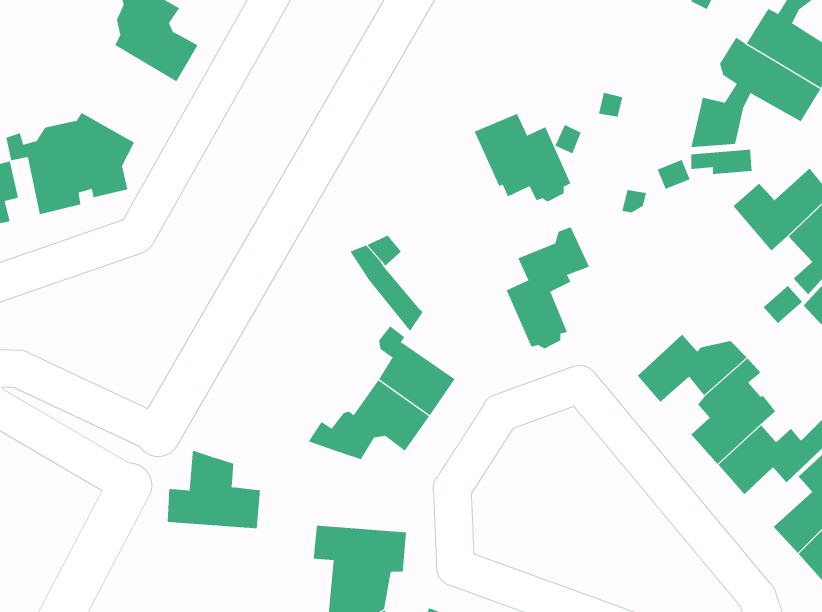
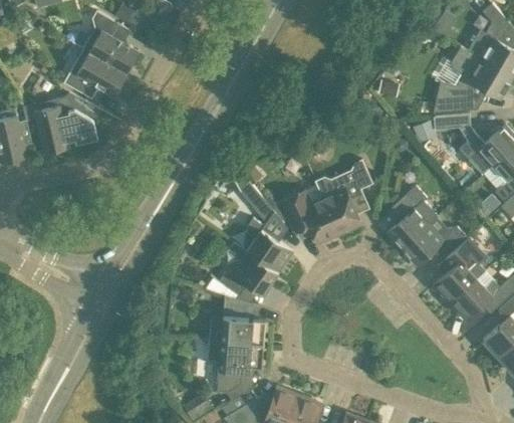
building: none -> [64,51,126,97]
building: [474,113,571,202] -> [280,190,338,243]
building: none -> [384,191,429,249]
building: [167,450,261,529] -> [210,295,266,343]

